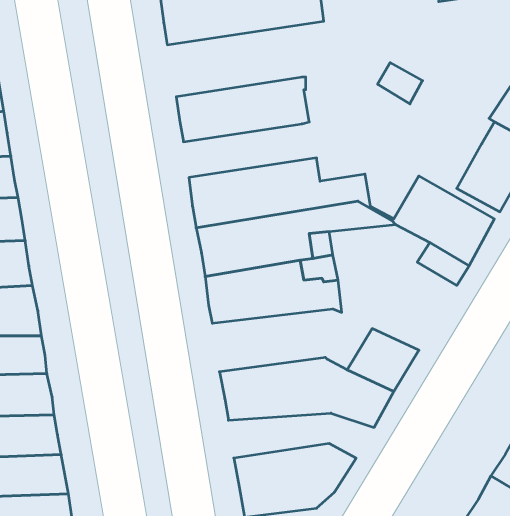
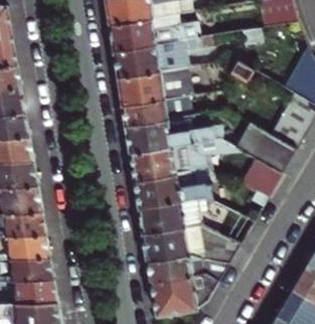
building: none -> [112,37,201,79]
building: none -> [121,95,197,125]
building: none -> [137,198,207,233]
building: none -> [146,257,227,282]

